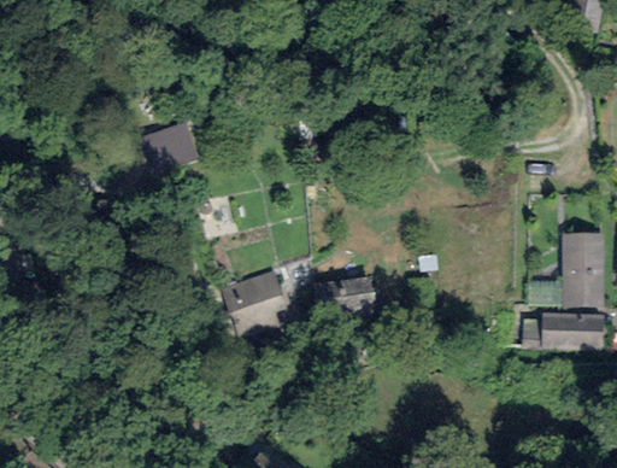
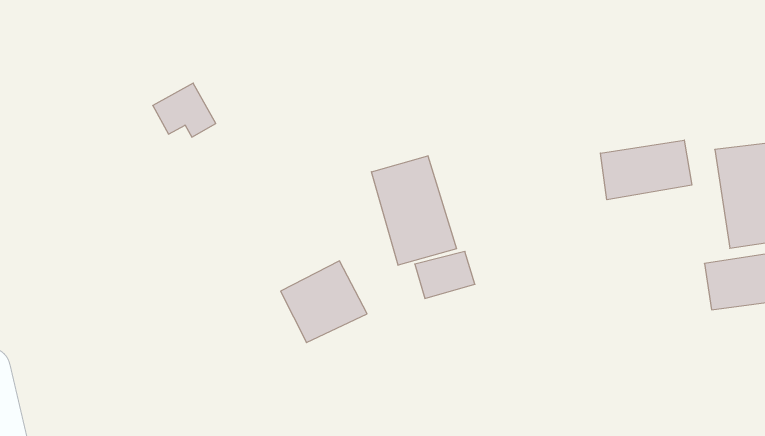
building: none -> [371,156,456,265]
building: none -> [600,140,692,200]

